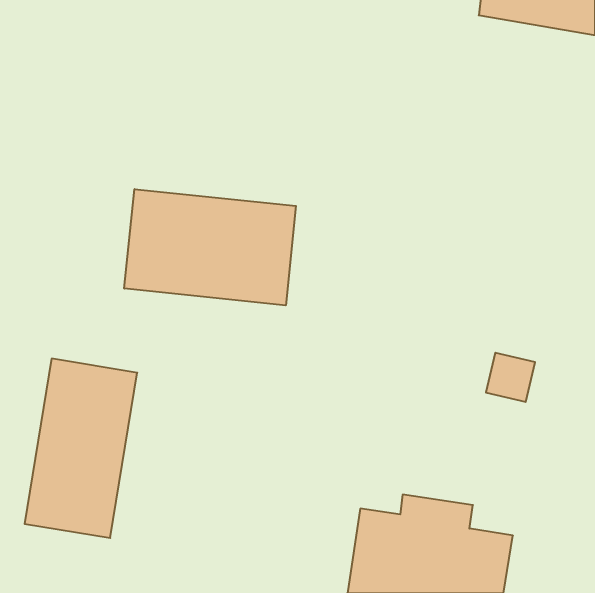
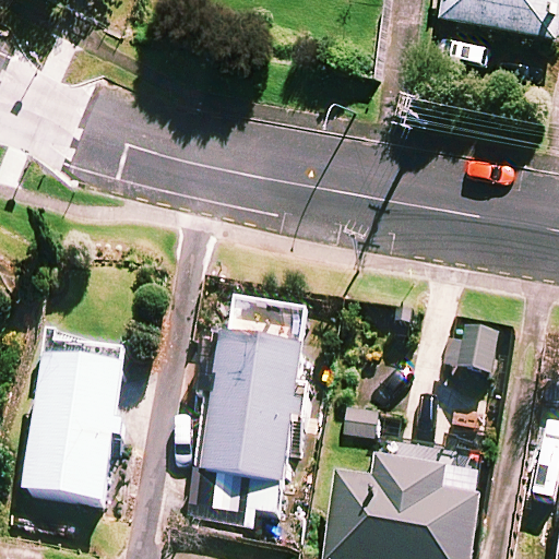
building: [124,189,296,305] -> none
building: none -> [198,335,297,521]

